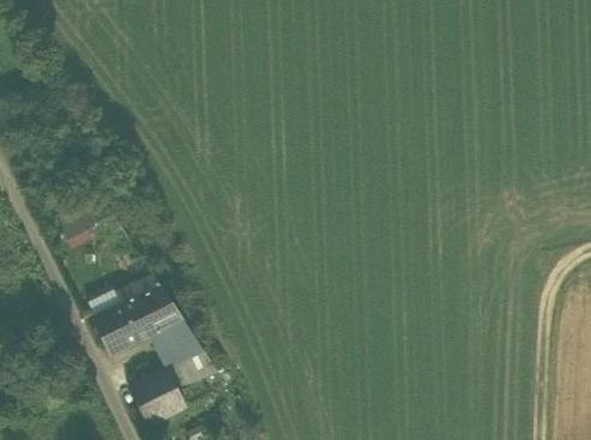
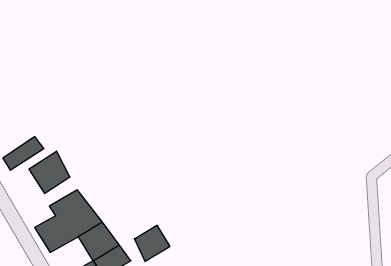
building: none -> [29,151,70,194]
building: none -> [134,225,170,262]

